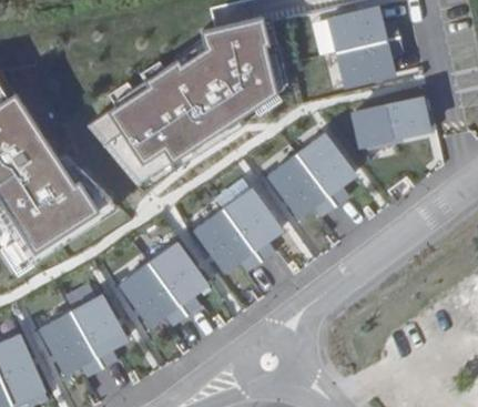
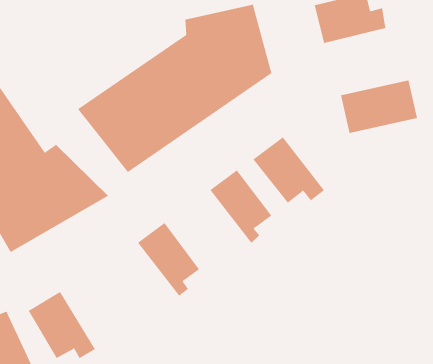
building: [337,42,404,90] -> none
building: [296,131,359,206] -> none
building: [191,206,264,274] -> none
building: [119,260,191,328] -> none
building: [71,291,131,367] -> none

